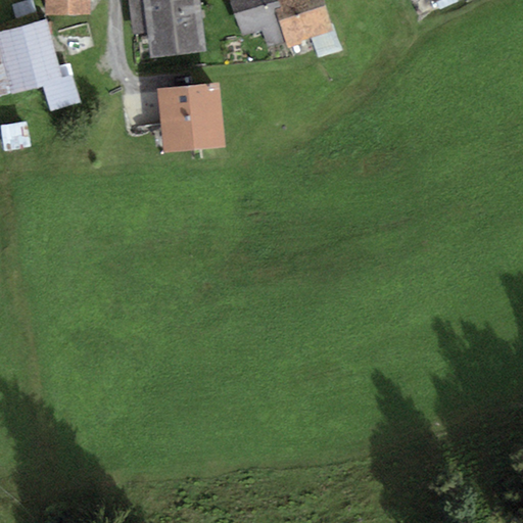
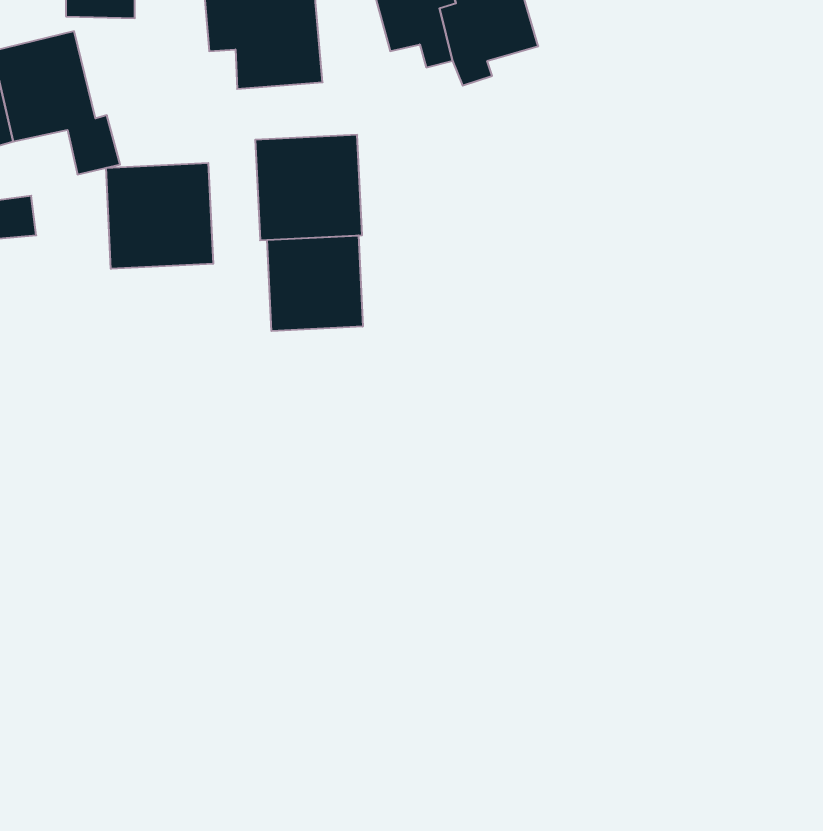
building: none -> [106,163,213,269]
building: none -> [267,235,363,331]

